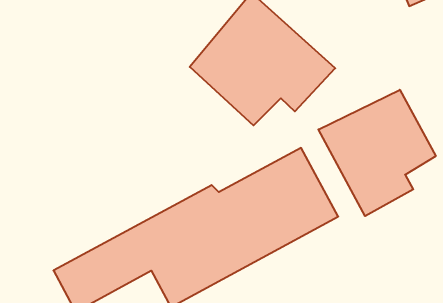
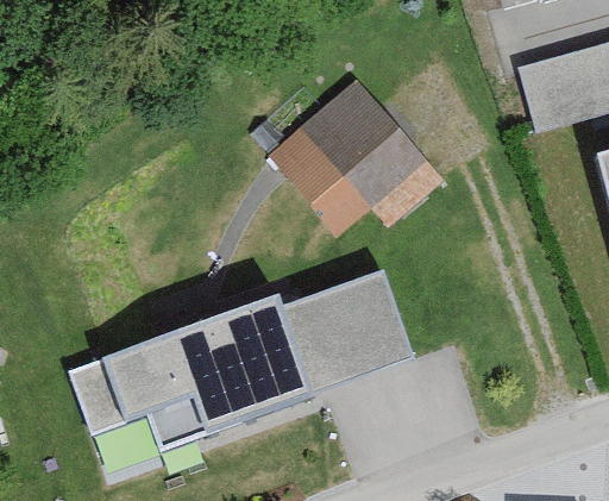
building: [318,90,436,216] -> none

